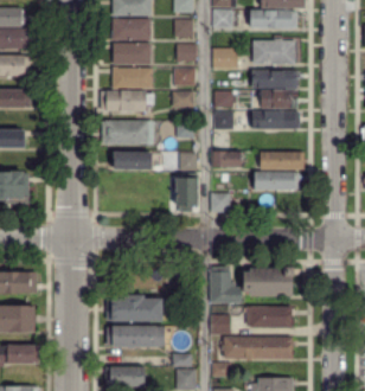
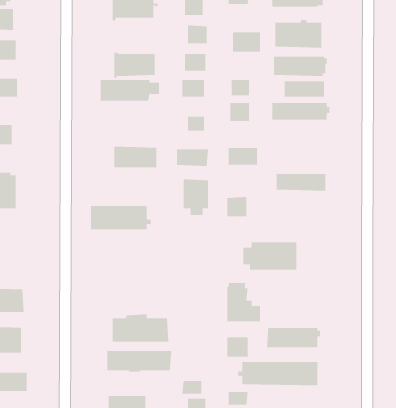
building: [113,43,149,63] -> none
building: [102,122,155,143] -> [90,205,152,230]
building: [260,152,299,169] -> none
building: [243,269,290,294] -> [242,242,297,270]

